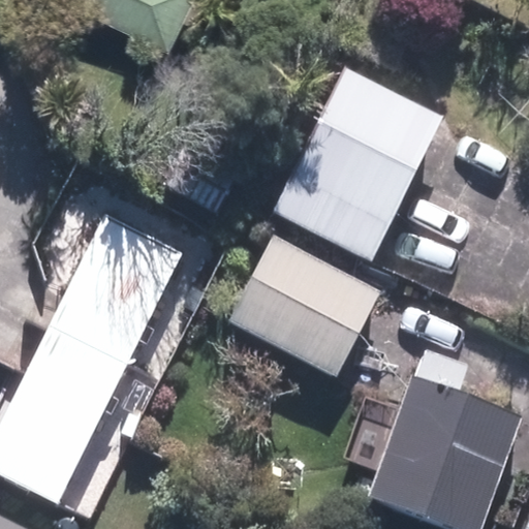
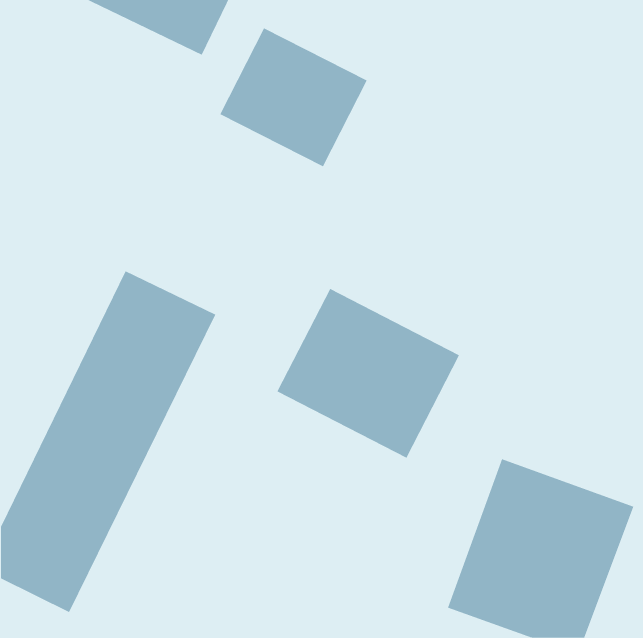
building: none -> [219,28,367,167]
building: [272,69,442,260] -> none

